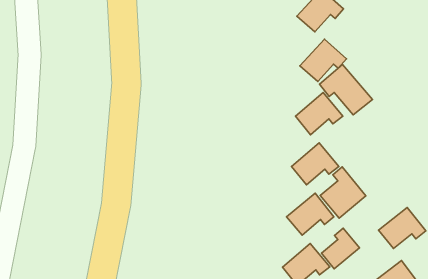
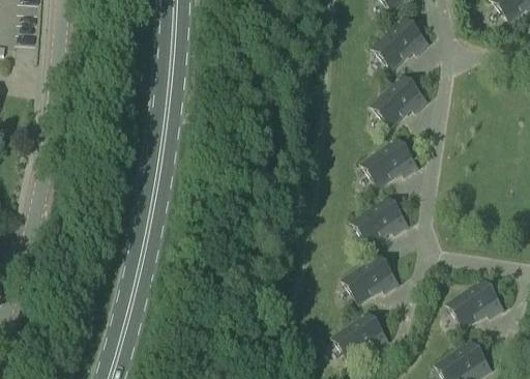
building: [319,65,372,115] -> none
building: [320,167,366,218] -> none
building: [322,228,360,269] -> none

